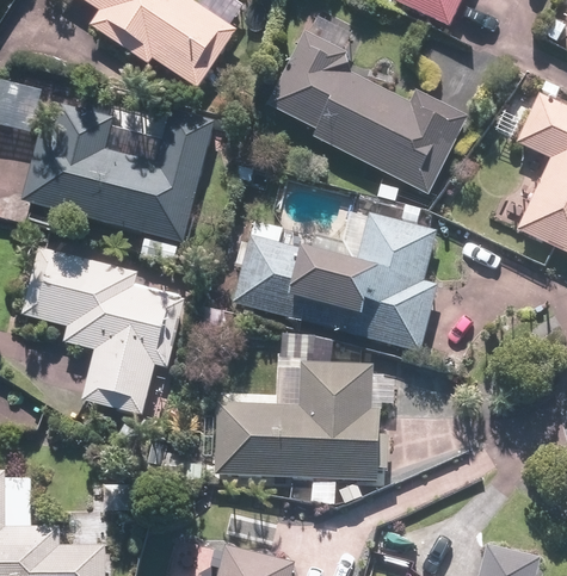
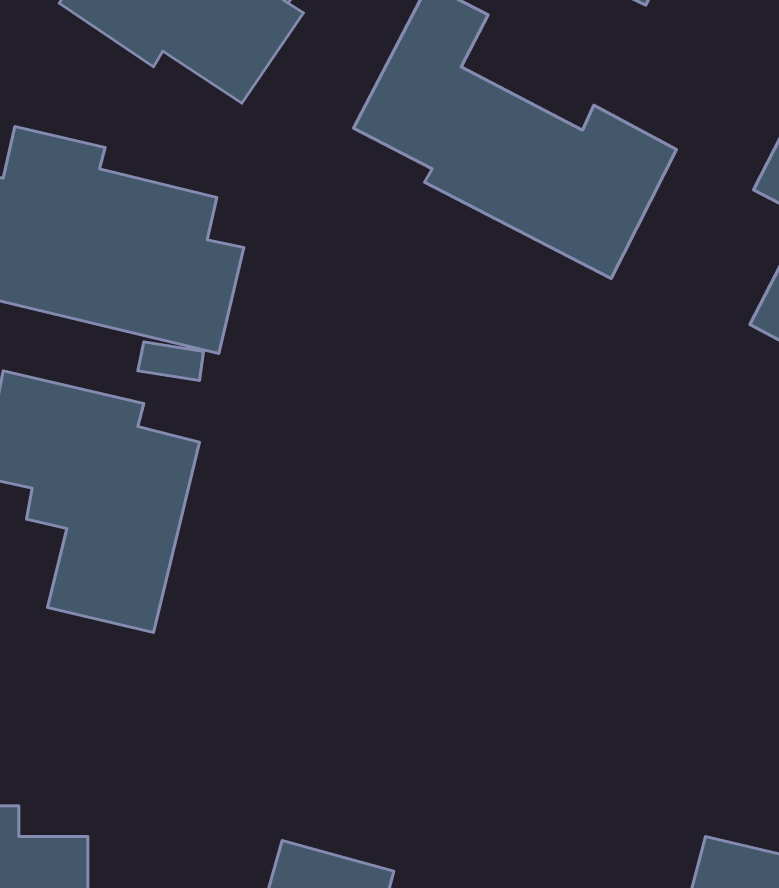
building: [220,213,438,354] -> none
building: [210,363,382,479] -> none

